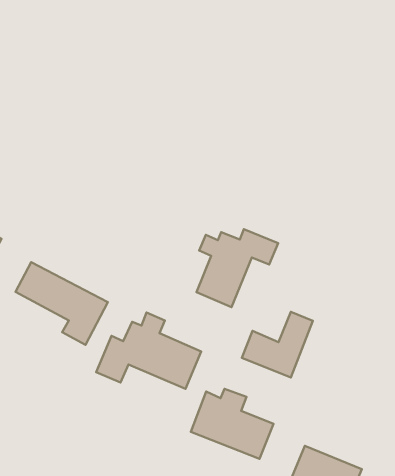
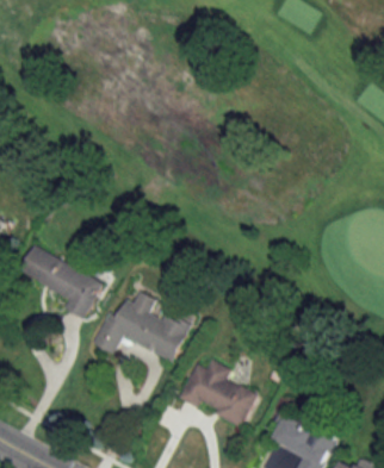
building: [197,229,278,307] -> none
building: [242,312,313,377] -> none

